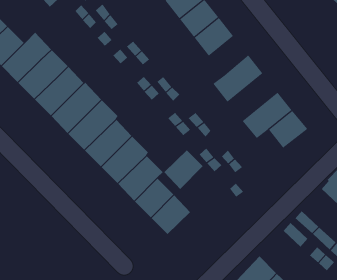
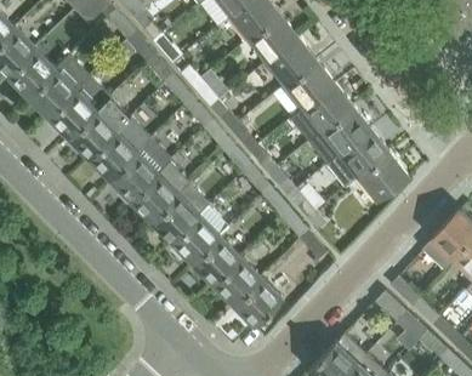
building: none -> [284,61,334,109]
building: none -> [307,107,370,166]
building: [163,150,204,190] -> [233,279,283,329]

